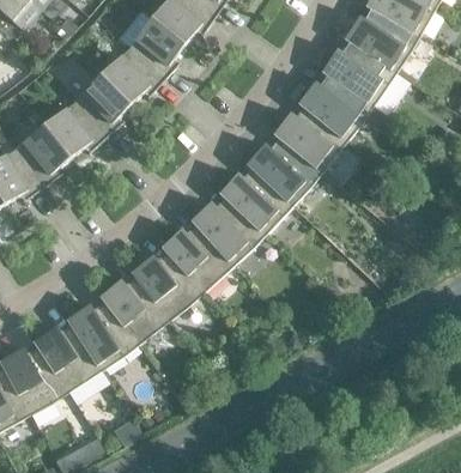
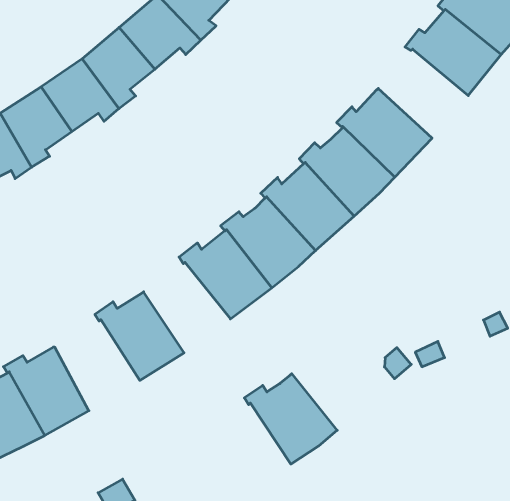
building: [297,72,372,139] -> none
building: [131,249,204,319] -> [244,374,337,464]
building: [66,298,138,369] -> none

